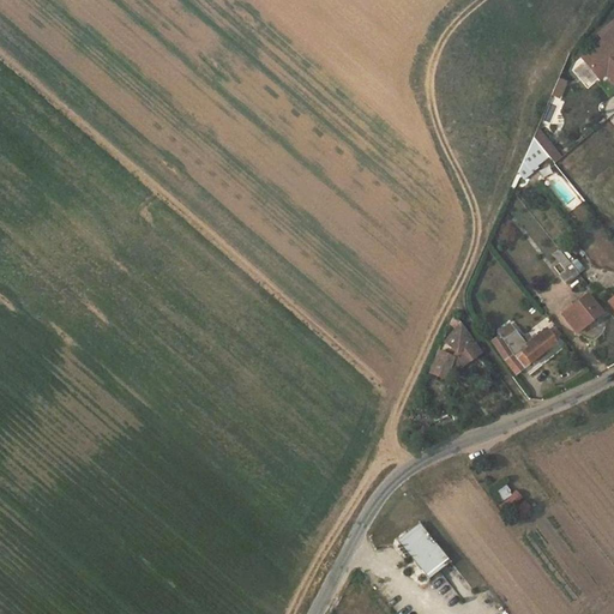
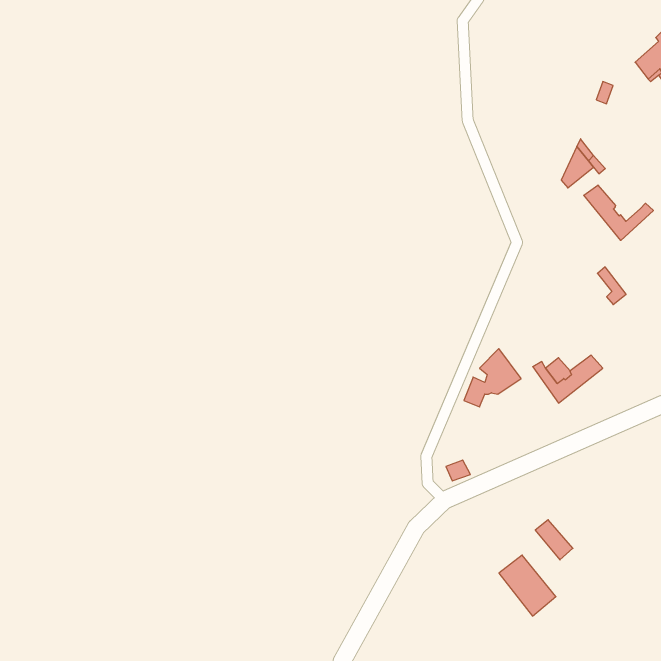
building: none -> [584,185,653,240]
building: [566,294,603,330] -> none
building: [399,522,452,578] -> [499,555,556,616]

